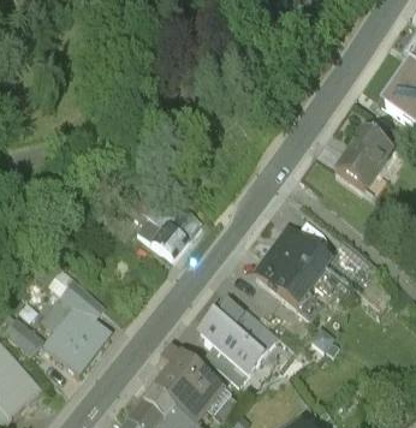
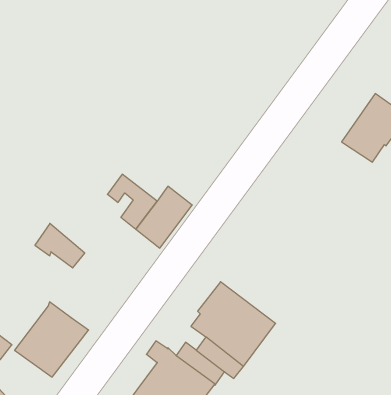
building: [256,226,328,295] -> none
building: [60,283,105,322] -> [35,223,85,268]

